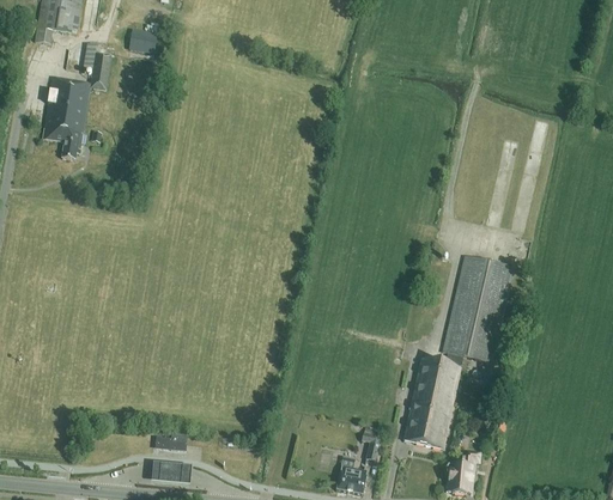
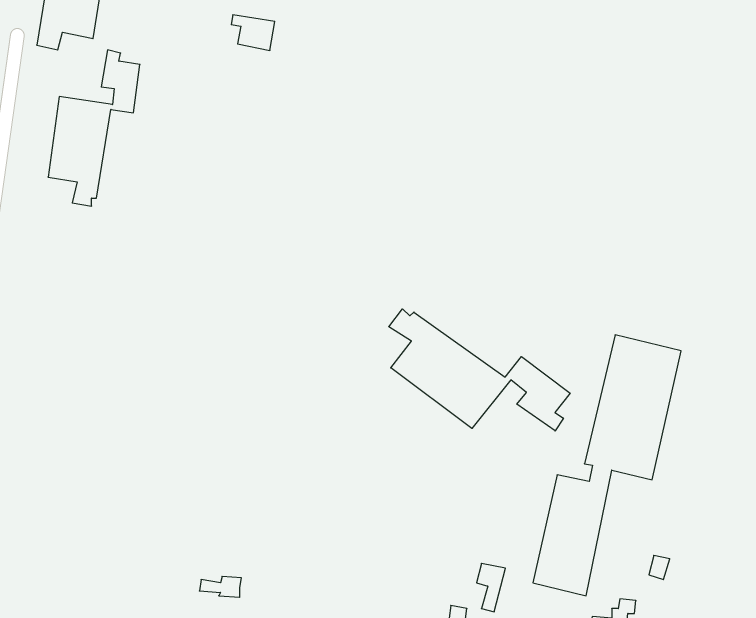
building: [125,26,157,53] -> [231,15,275,50]
building: none -> [389,309,570,431]

